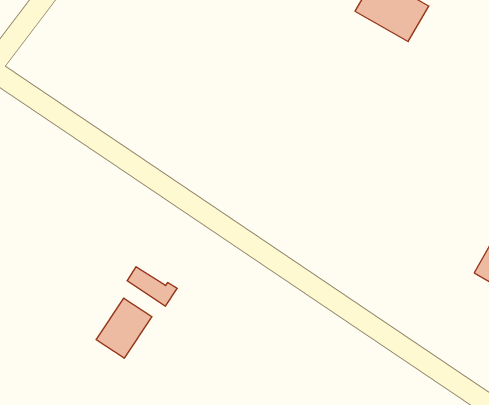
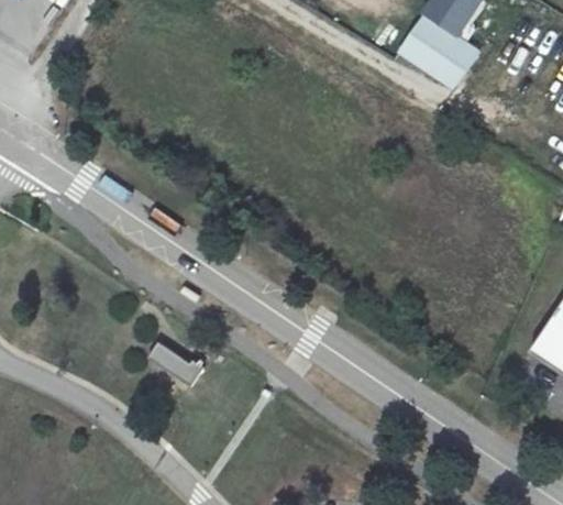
building: [96,298,152,358] -> none

